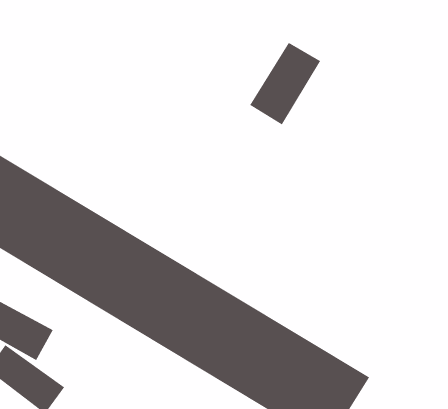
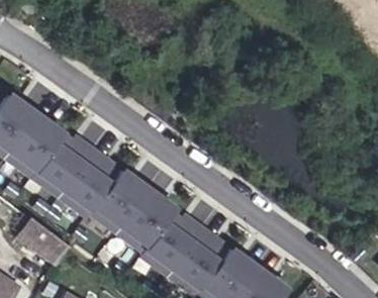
building: [249,42,321,126] -> none

